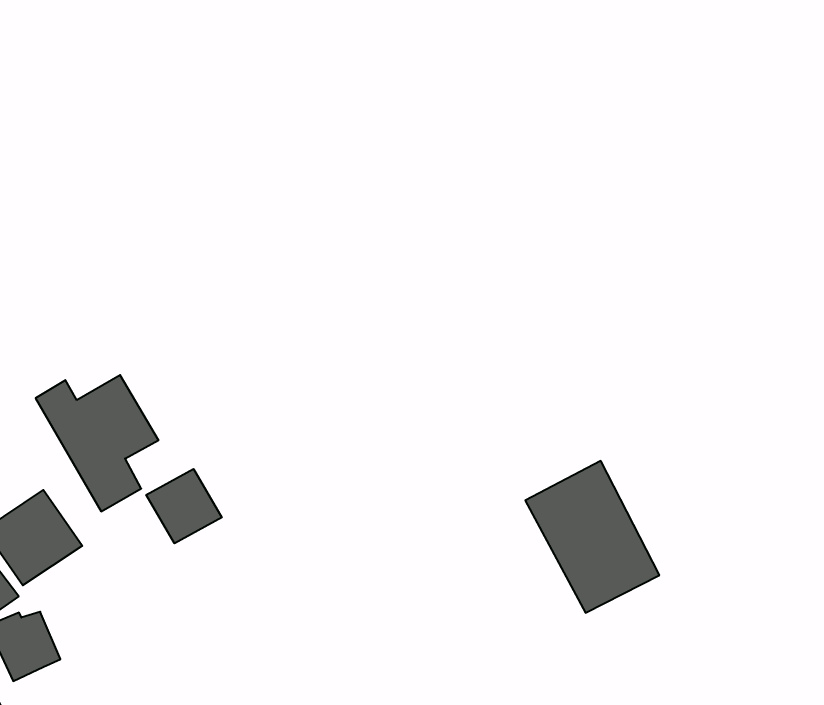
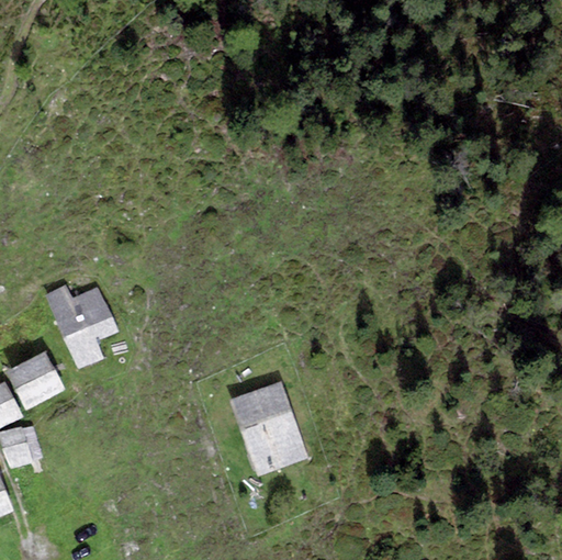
building: [525,461,659,613] -> [229,381,306,473]
building: [146,469,222,543] -> none

